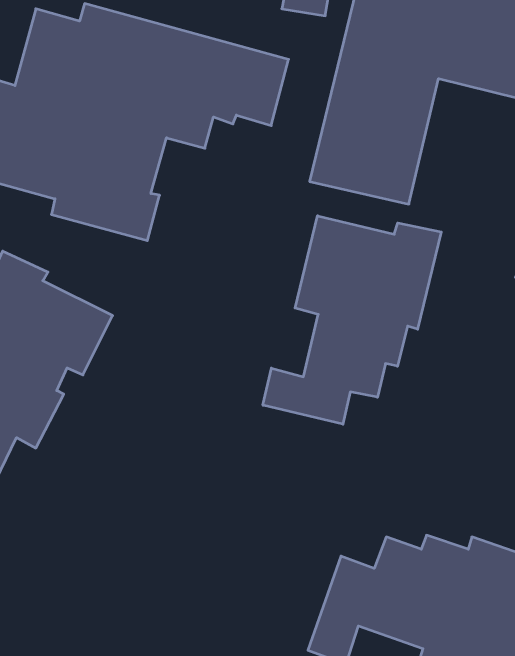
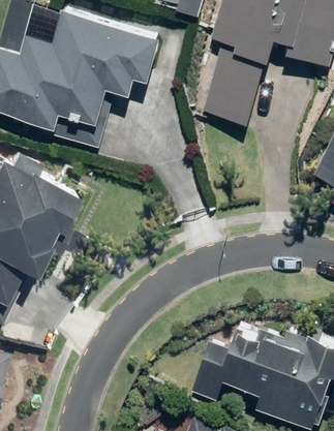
building: [263,216,441,424] -> none

